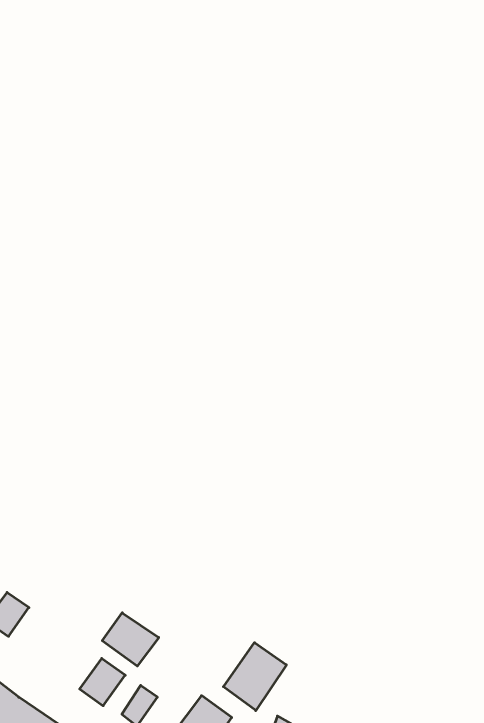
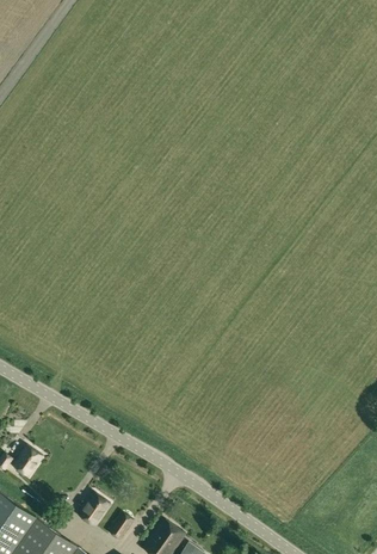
building: [102,613,159,666] -> none
building: [223,643,286,711] -> none

